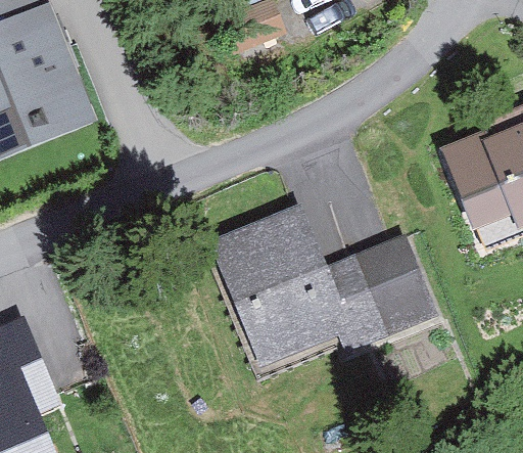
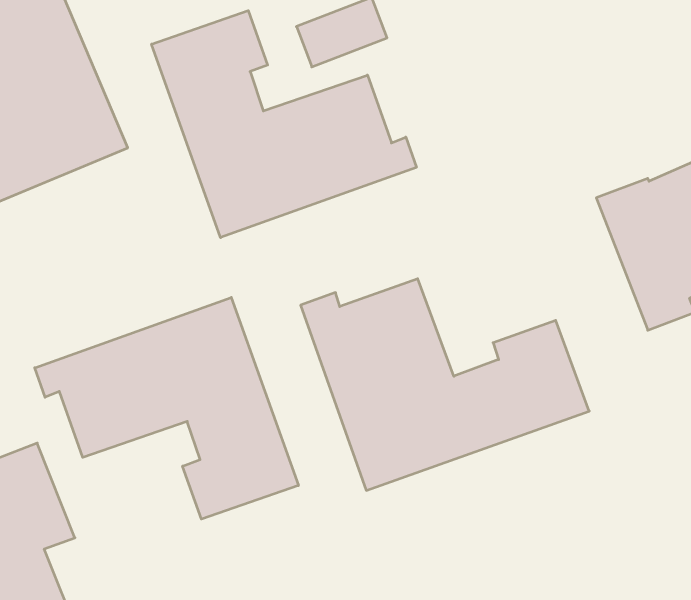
building: none -> [152,11,416,238]
building: none -> [35,297,298,519]

